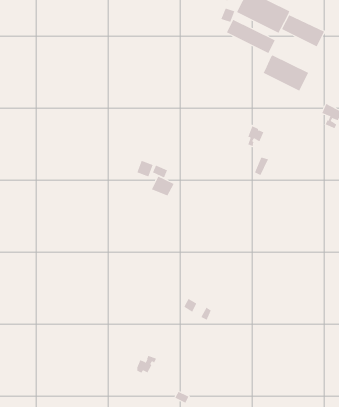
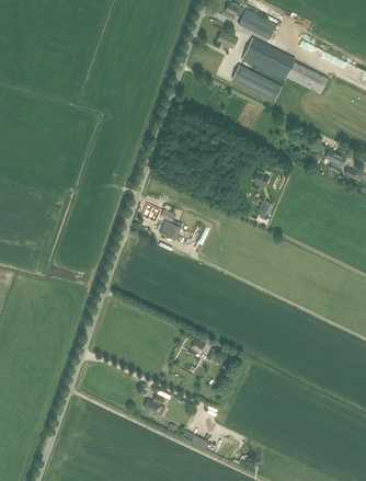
building: [263,54,309,91] -> none

